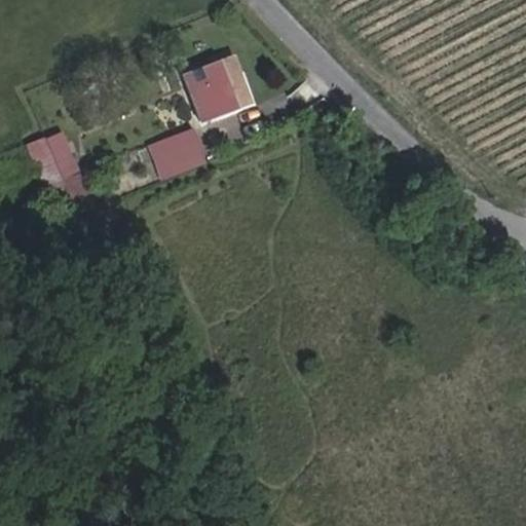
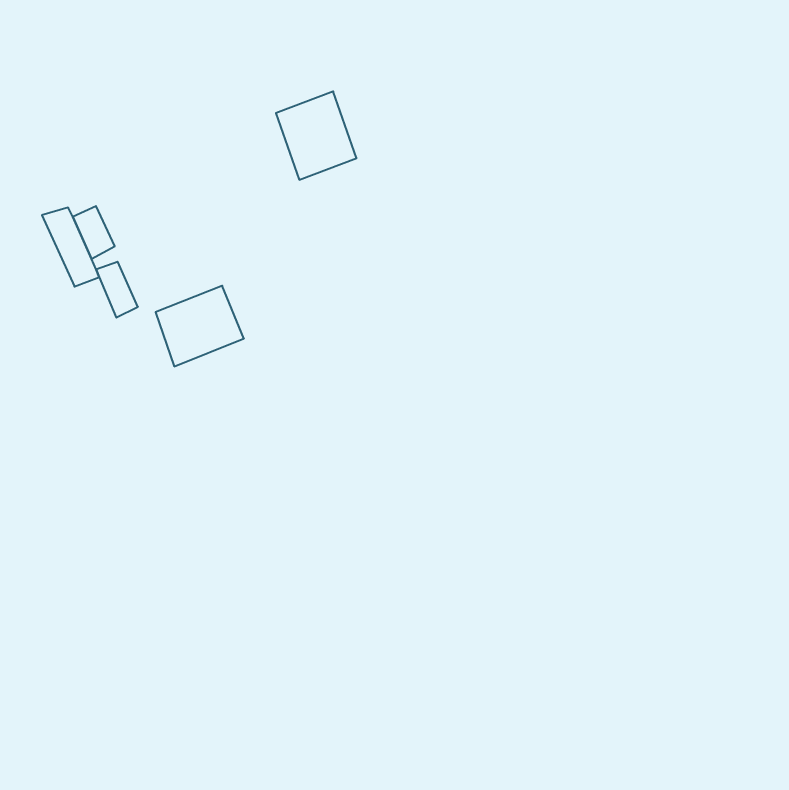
building: [150,126,209,180] -> [156,286,244,366]

